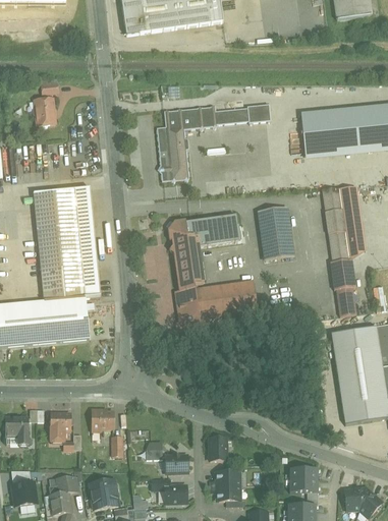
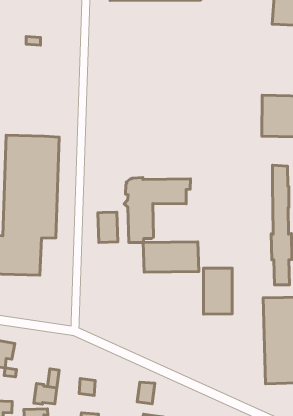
building: [35,99,55,125] -> none
building: [157,102,271,182] -> none
building: [258,207,294,259] -> [203,268,232,314]
building: [174,288,200,323] -> [98,212,118,242]
building: [92,409,114,430] -> [34,383,57,404]
building: [166,454,187,472] -> none

